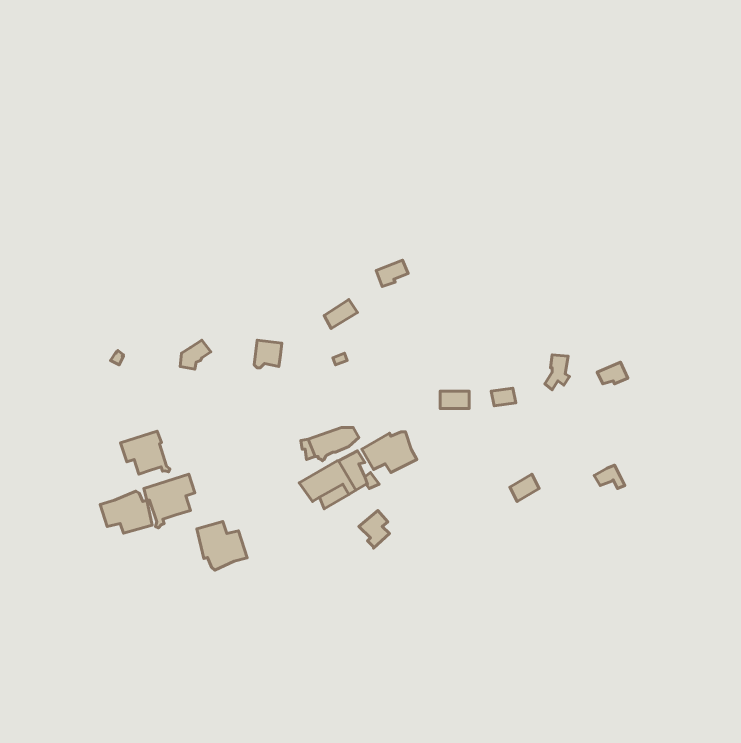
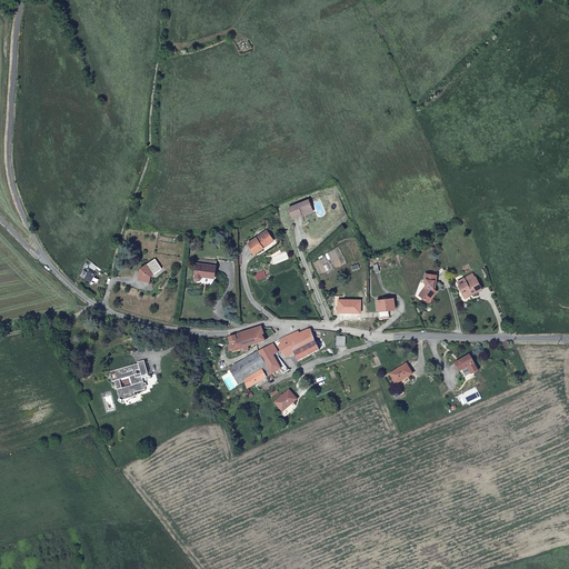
building: [121,431,170,474] -> none
building: [100,491,152,533] -> none
building: [197,522,247,570] -> none

